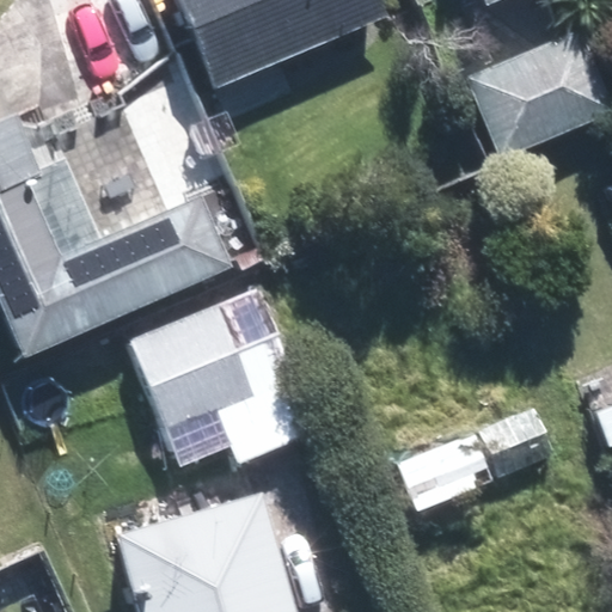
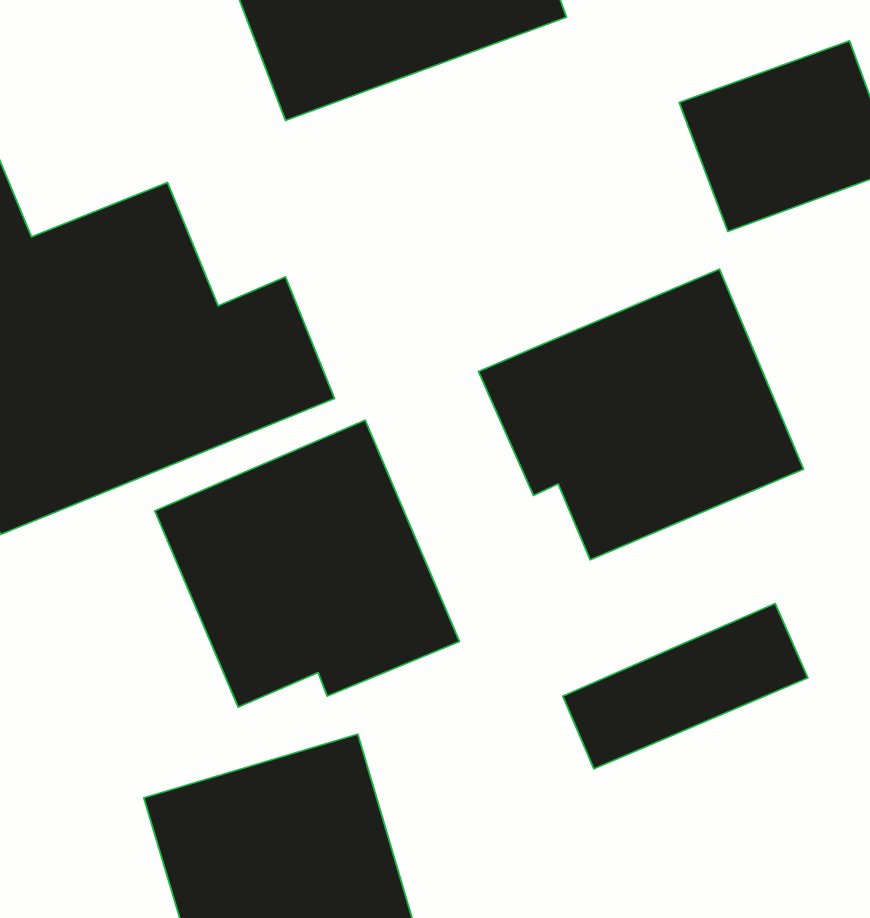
building: none -> [479,269,803,560]

